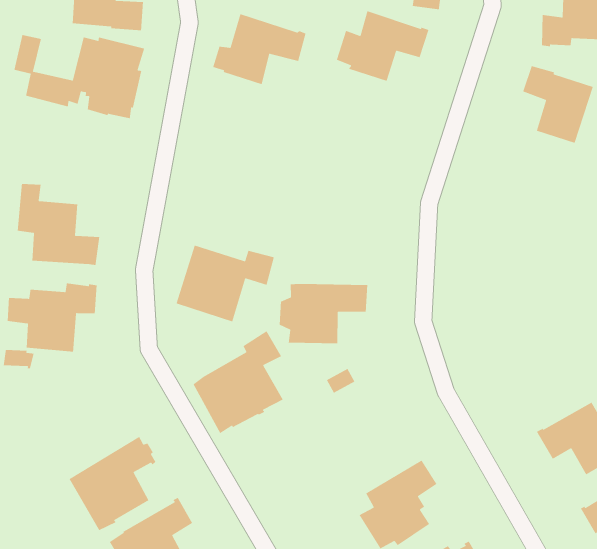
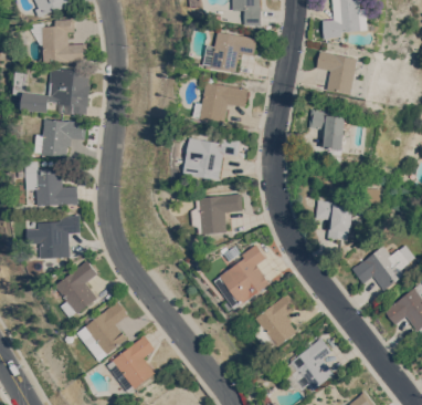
building: [212,13,306,85] -> [194,82,247,123]
building: none -> [36,118,87,156]
building: none -> [309,108,346,149]
building: [175,245,275,322] -> [184,136,240,180]
building: none -> [315,199,352,239]
building: [193,330,284,434] -> [215,243,271,309]
building: none -> [56,260,98,318]

